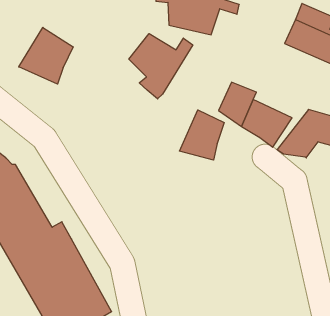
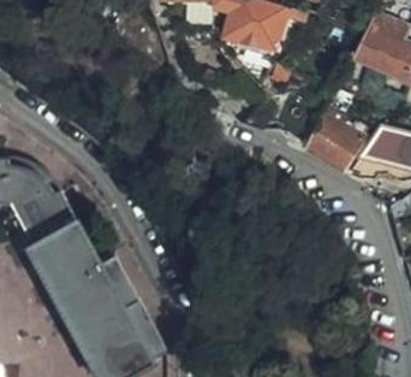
building: [19,27,73,84] -> none
building: [129,34,193,99] -> none
building: [180,110,224,160] -> none

